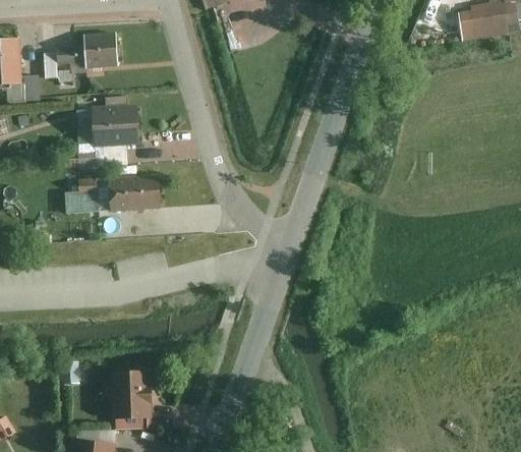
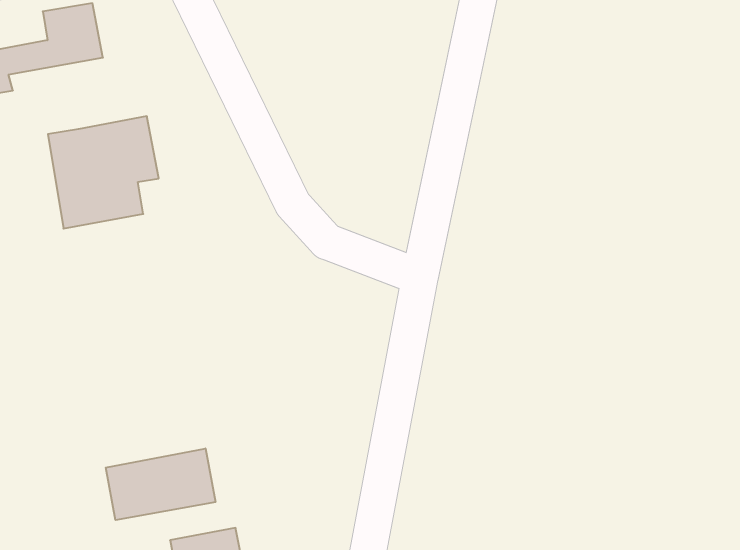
building: [65,176,161,212] -> none
building: none -> [106,448,215,520]

